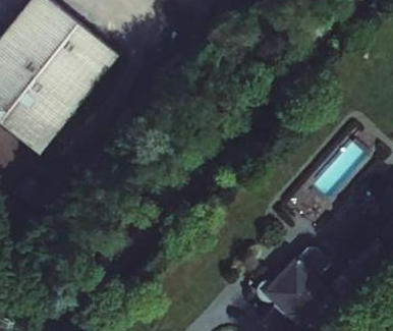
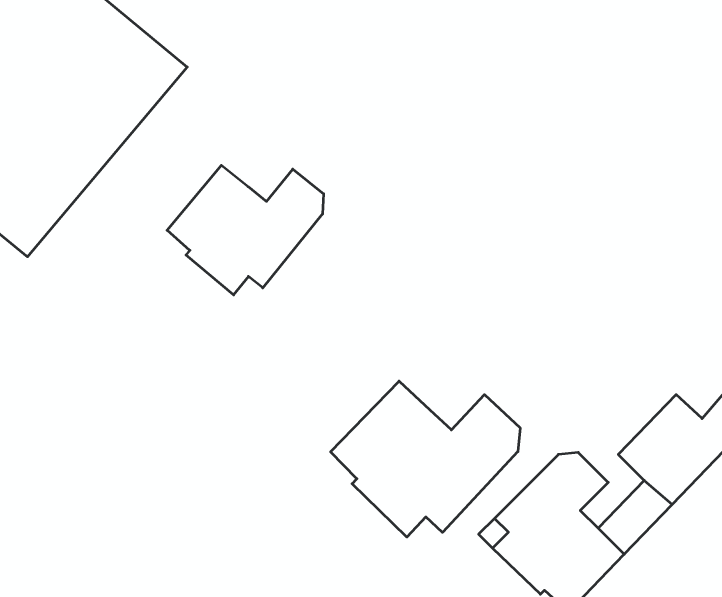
building: none -> [167,165,324,295]
building: none -> [331,381,520,537]

